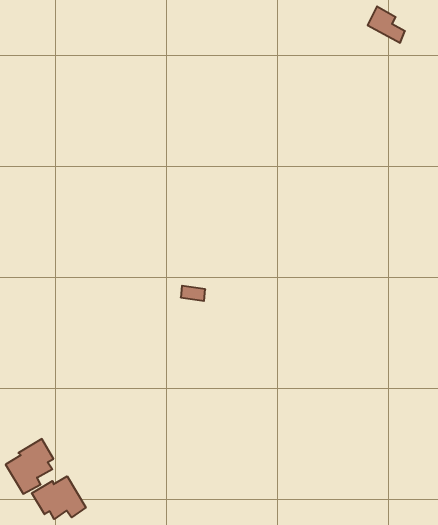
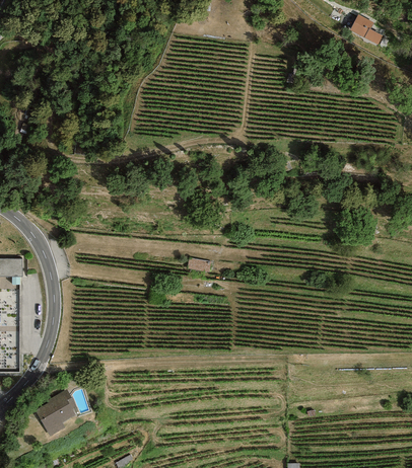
building: [32,476,86,519] -> none

